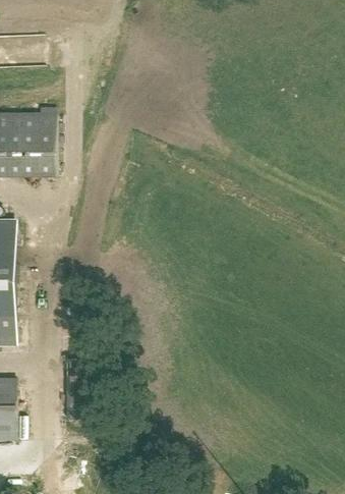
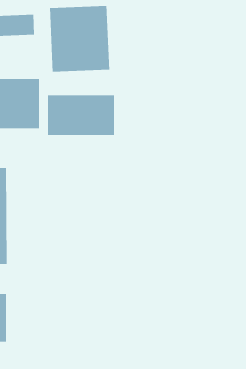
building: none -> [50,5,110,72]
building: none -> [48,95,114,136]

